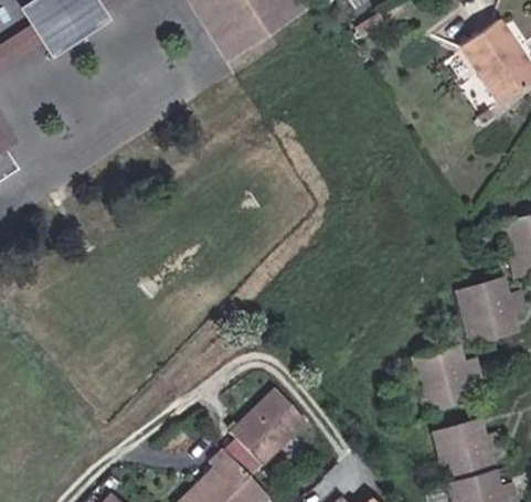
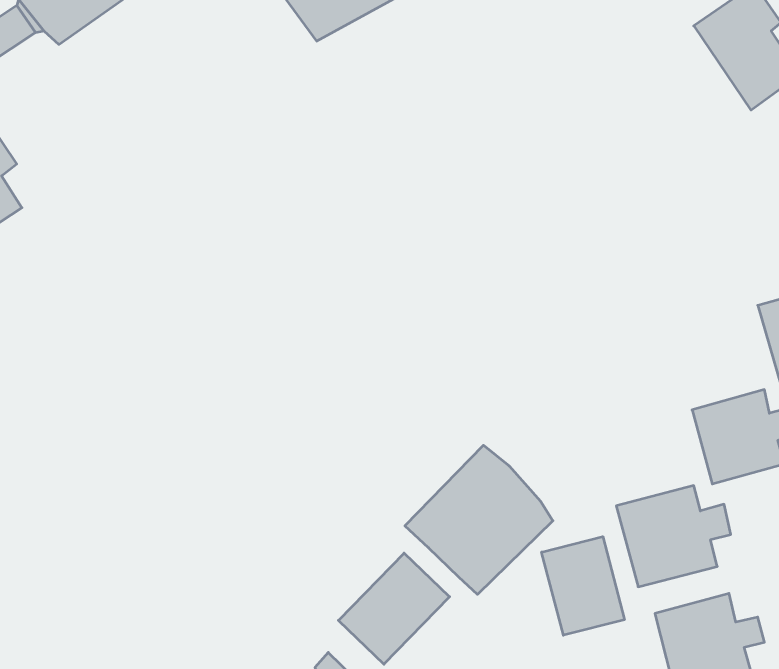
building: none -> [405,445,553,594]
building: none -> [542,537,624,635]

